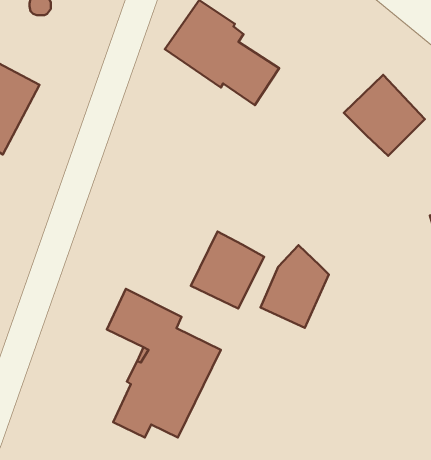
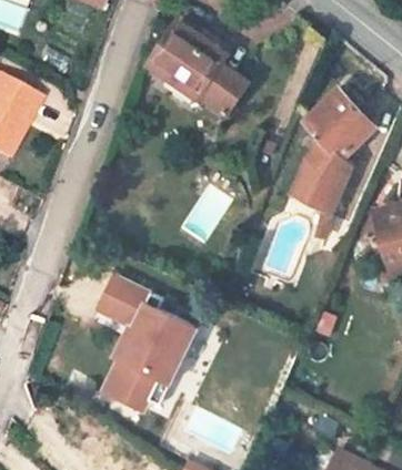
building: [191,232,264,308] -> none
building: [260,245,329,328] -> [291,141,351,213]

